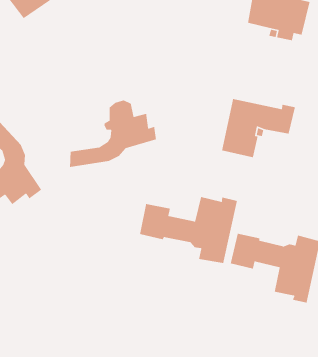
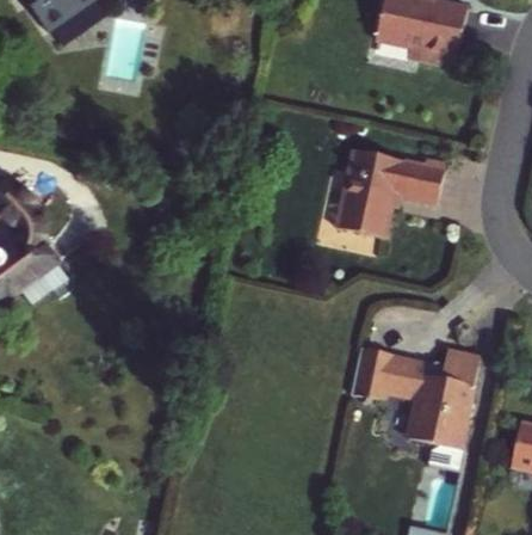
building: [69,100,157,168] -> none
building: [139,196,238,264] -> none

